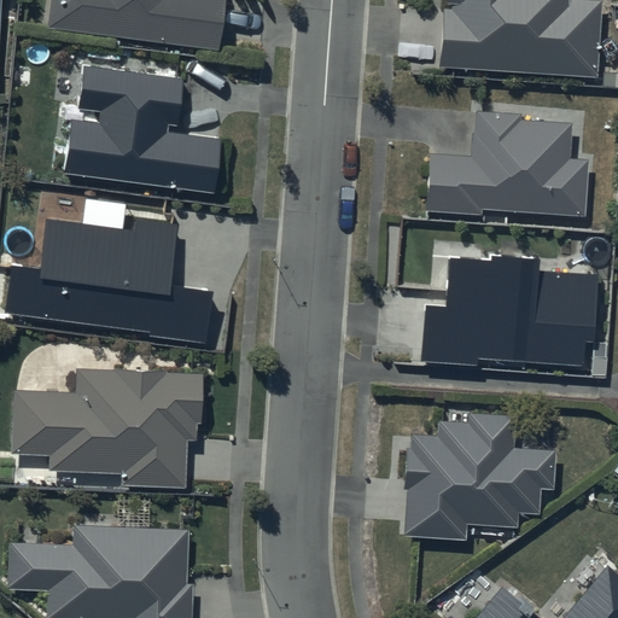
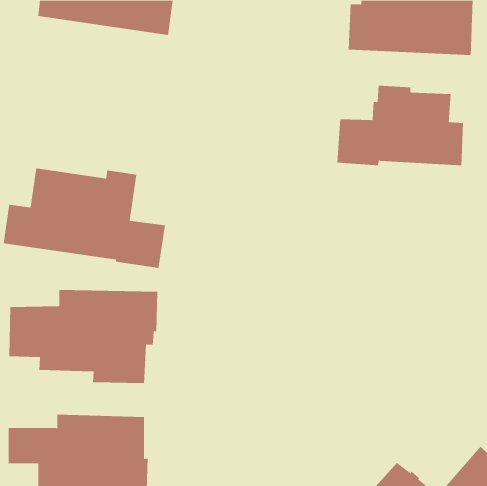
building: [63,66,221,192] -> none
building: [416,253,600,366] -> none
building: [406,413,556,537] -> none

